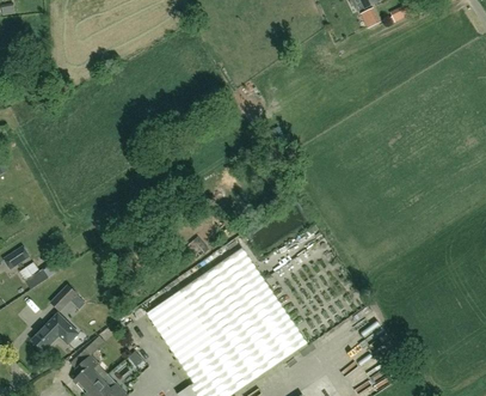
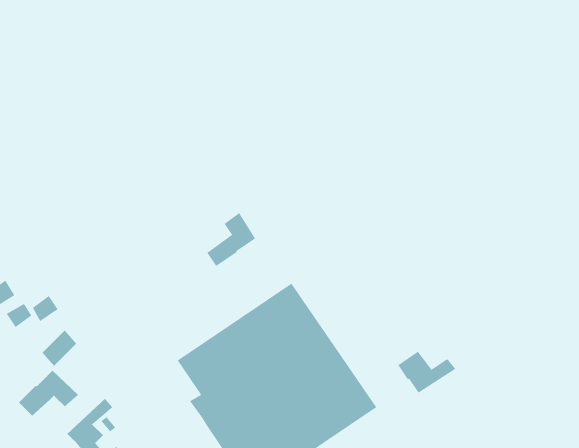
building: none -> [207,212,256,267]
building: none -> [397,351,456,394]

